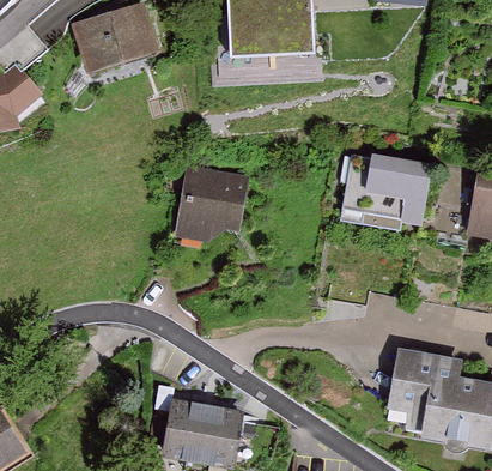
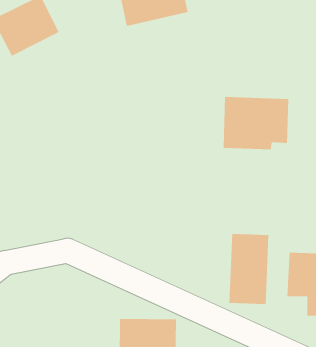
building: [178,164,242,236] -> none
building: none -> [229,233,269,305]

